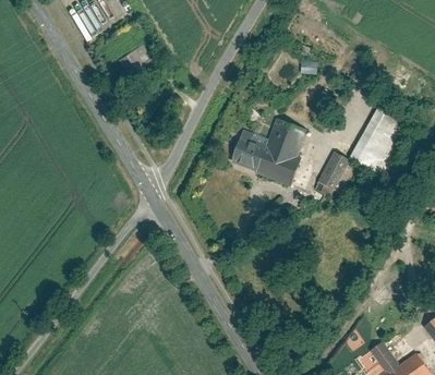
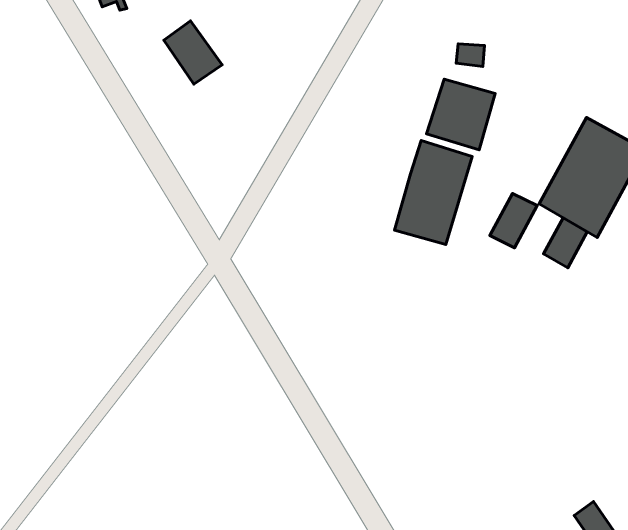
building: [227,130,269,173] -> [426,79,495,150]
building: none -> [544,218,587,268]

